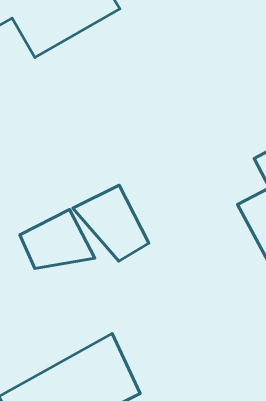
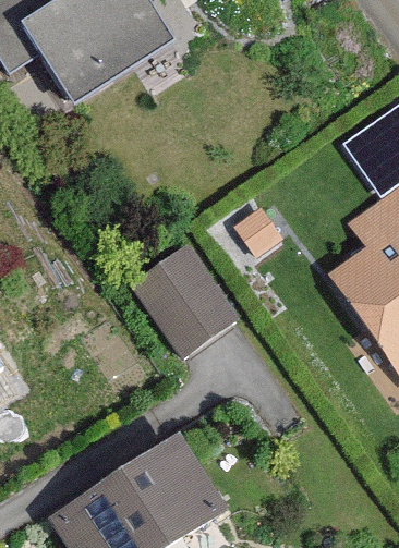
building: [20,209,95,269] -> none

